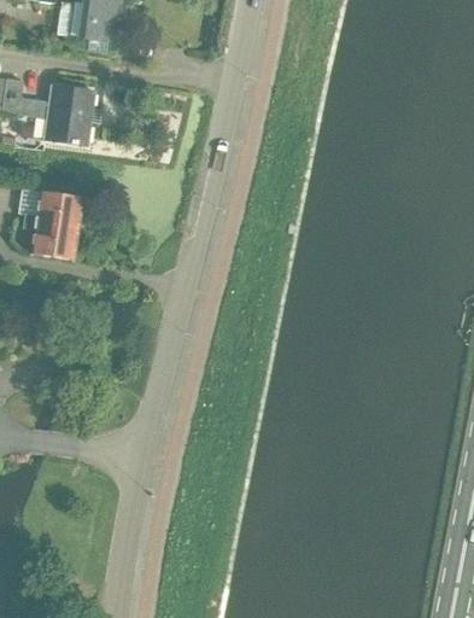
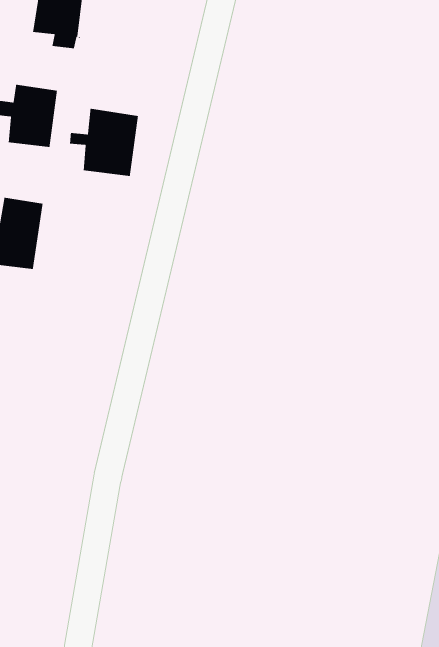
building: none -> [69,108,139,177]

